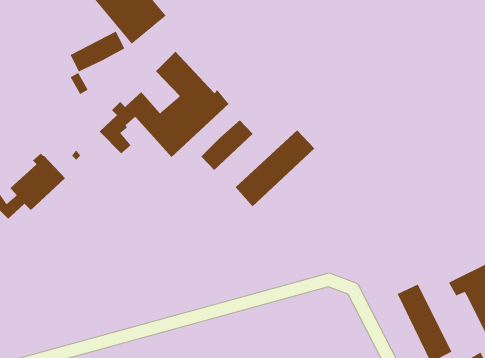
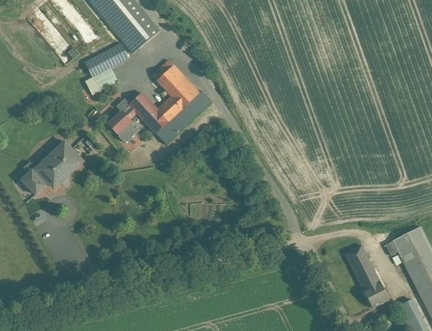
building: [200,120,254,171] -> none
building: [235,130,315,207] -> none

